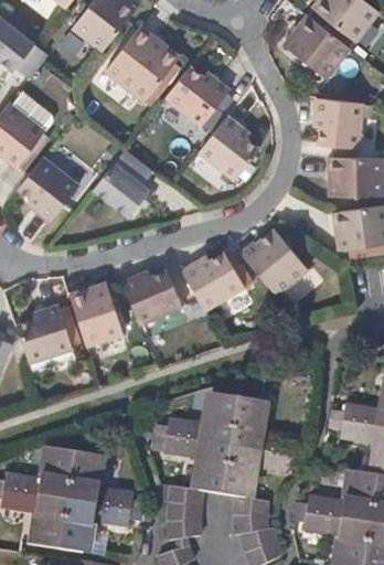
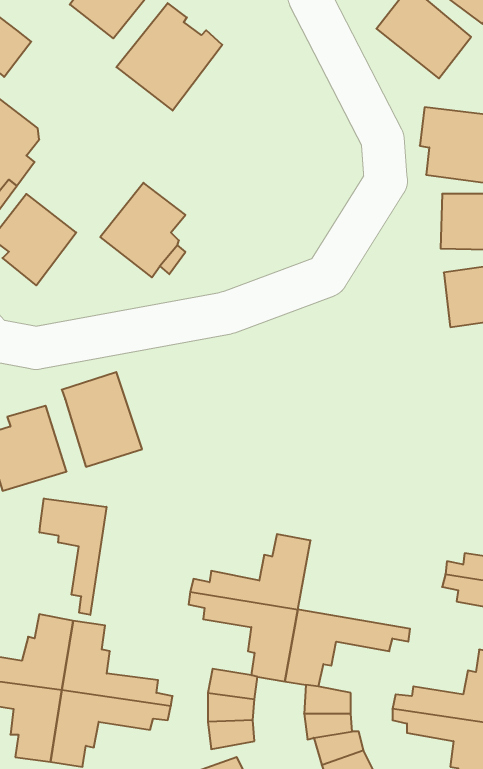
building: [166,67,230,126] -> none
building: [201,116,259,179] -> none
building: [241,227,309,296] -> none
building: [181,250,253,311] -> none
building: [121,268,181,323] -> none
building: none -> [40,498,106,615]
building: [231,396,310,457] -> none

